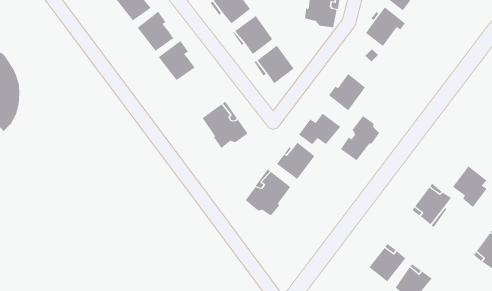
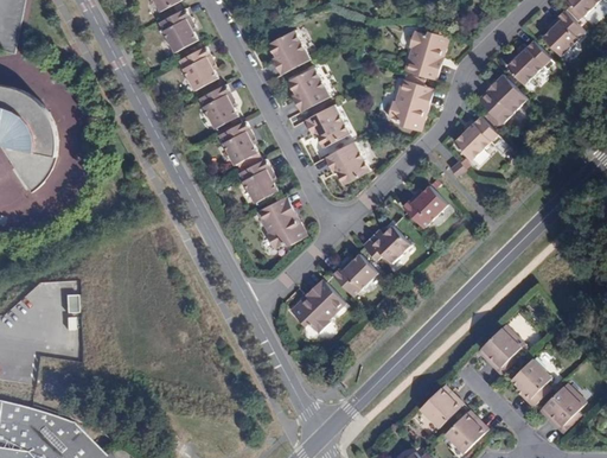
building: none -> [238,158,277,203]
building: [340,115,380,161] -> none
building: [452,165,487,208] -> [511,358,551,407]

